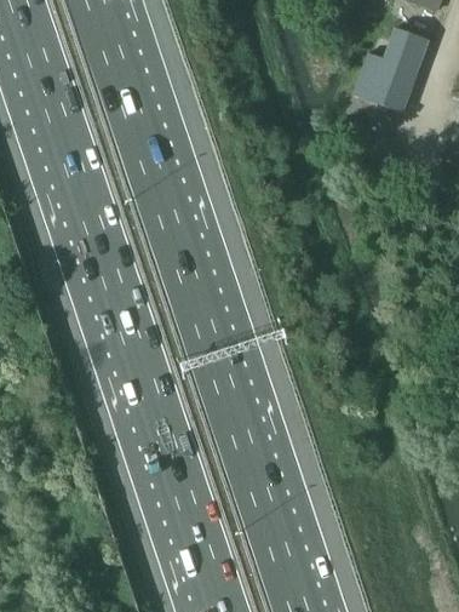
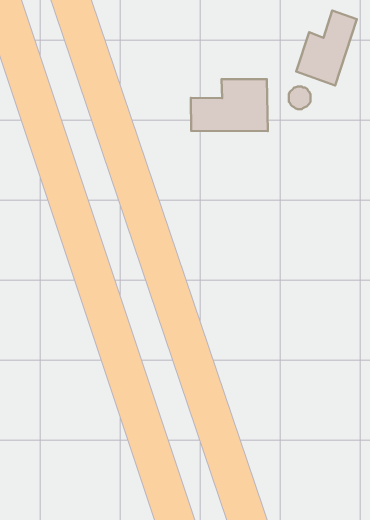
building: none -> [191,79,268,131]

